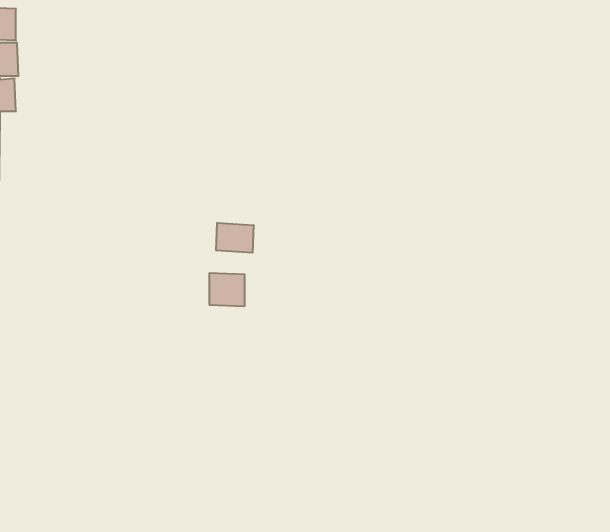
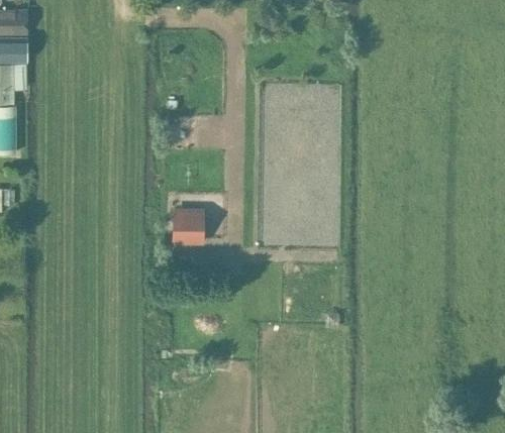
building: [216,223,254,253] -> none

